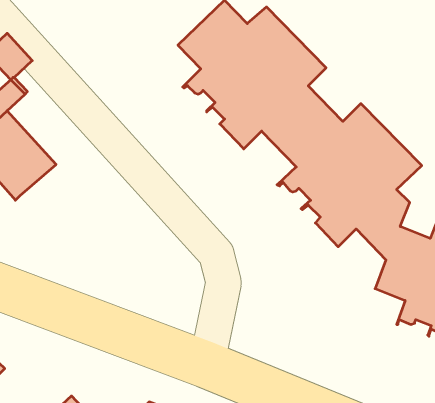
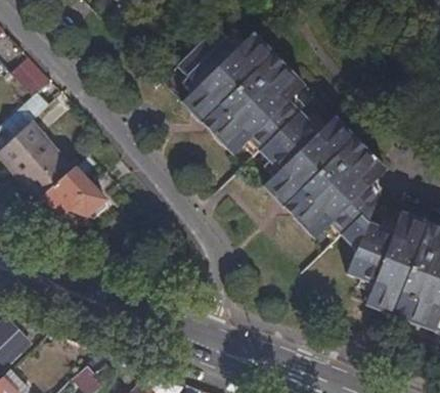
building: none -> [42,167,106,216]

